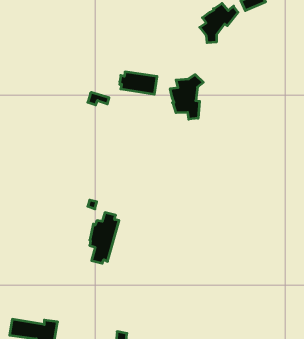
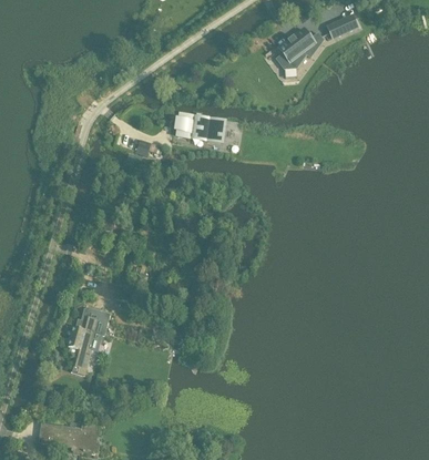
building: [170,75,203,119] -> none
building: [90,213,119,263] -> [68,310,104,374]

